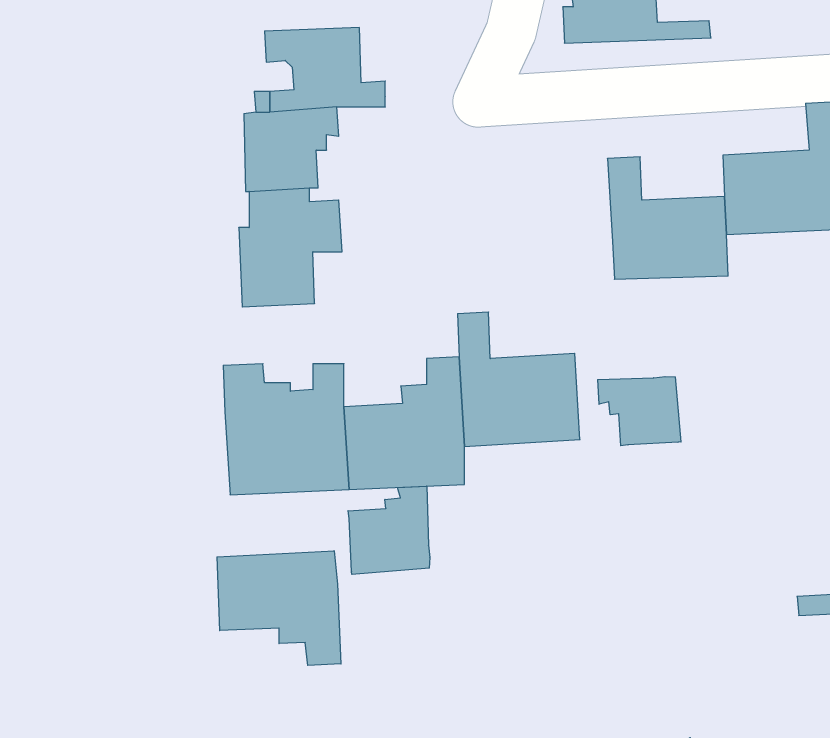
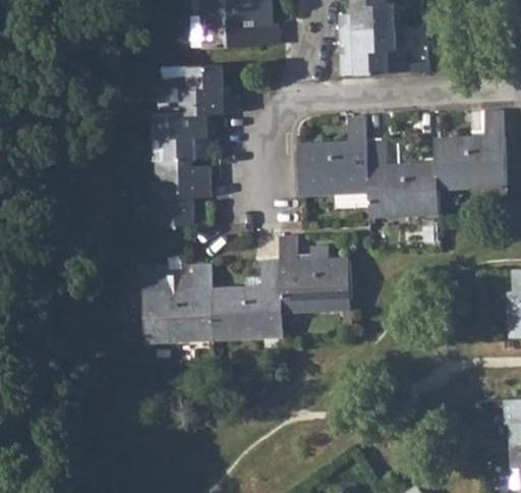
building: none -> [298,116,370,194]
building: [598,377,681,446] -> none
building: [348,486,430,574] -> none
building: [217,551,341,665] -> none

